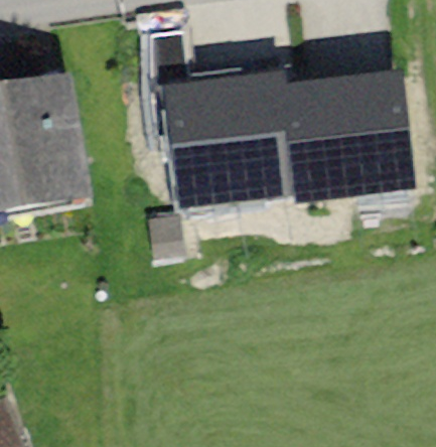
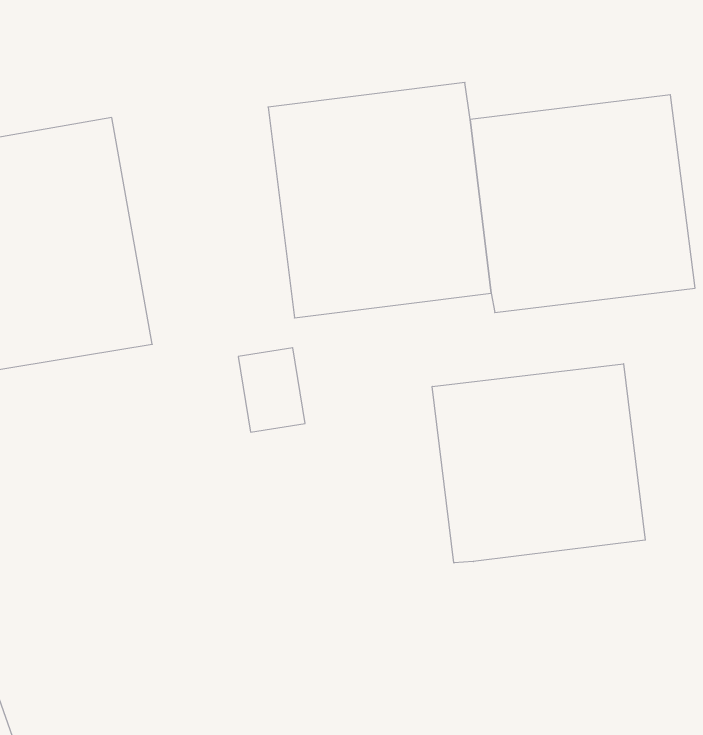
building: none -> [432,364,645,563]

